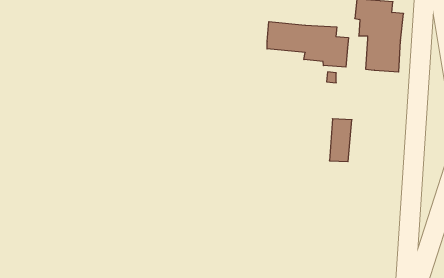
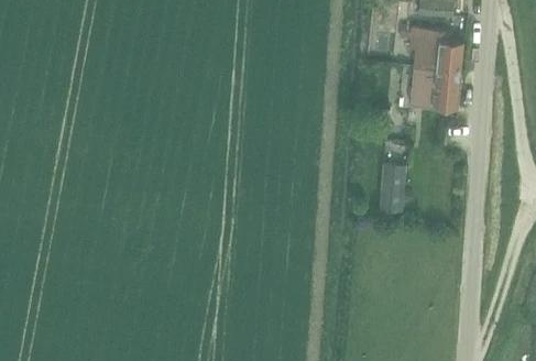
building: [267,22,348,67] -> none

